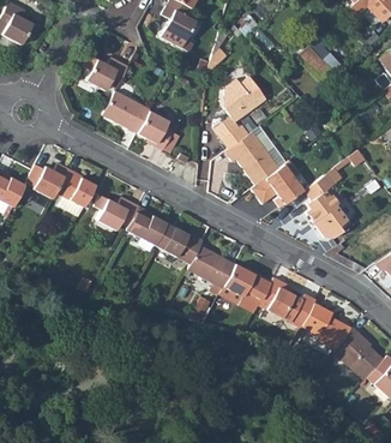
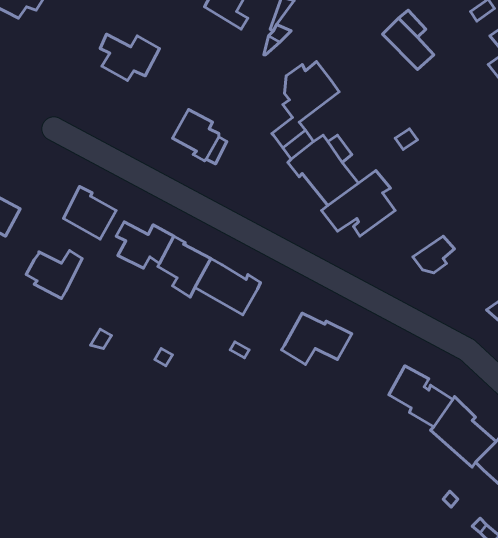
building: [102,90,151,133] -> none
building: [26,163,68,199] -> [26,250,82,298]
building: [305,170,341,222] -> none
building: [188,246,235,288] -> none
building: [258,279,314,327] -> none

